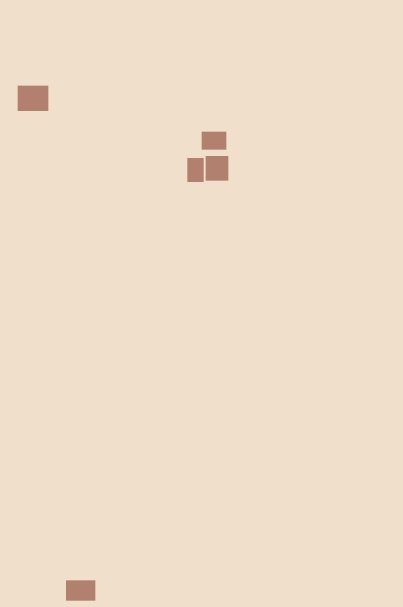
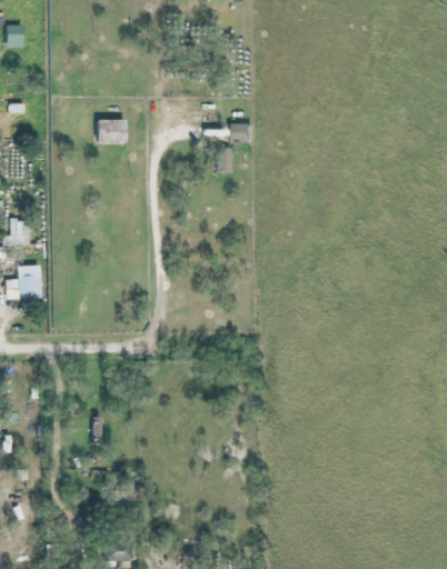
building: [17,85,49,111] -> [96,119,126,143]
building: [205,155,229,181] -> none

